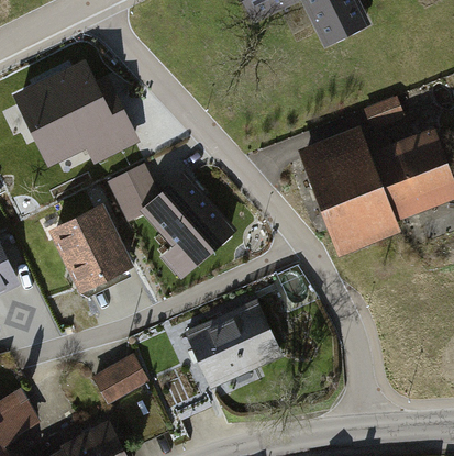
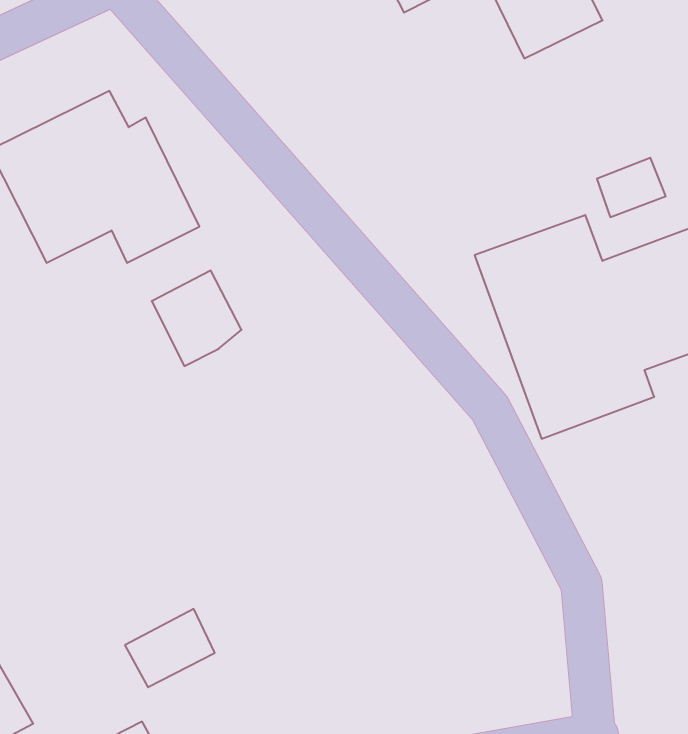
building: [147,178,231,277] -> none
building: [52,207,132,290] -> none
building: [185,302,283,390] -> none

